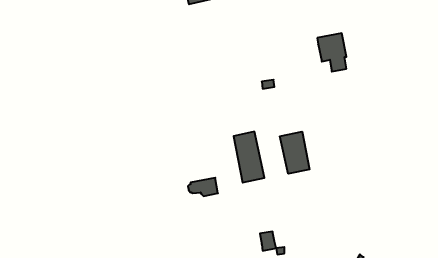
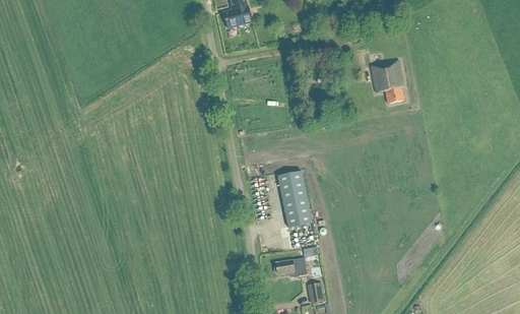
building: [280,132,310,174] -> none
building: [188,178,218,196] -> [272,256,306,276]

